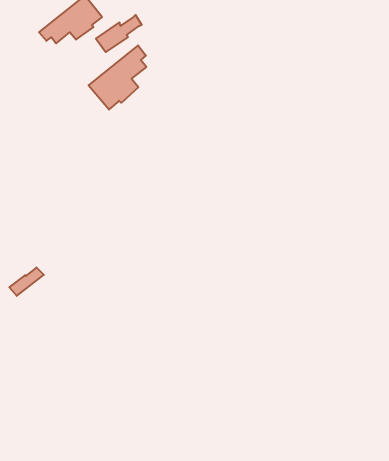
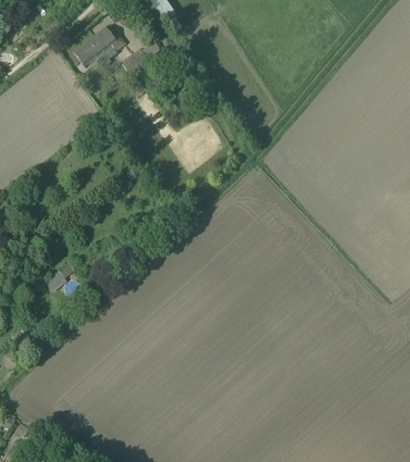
building: [89,45,146,110] -> none

